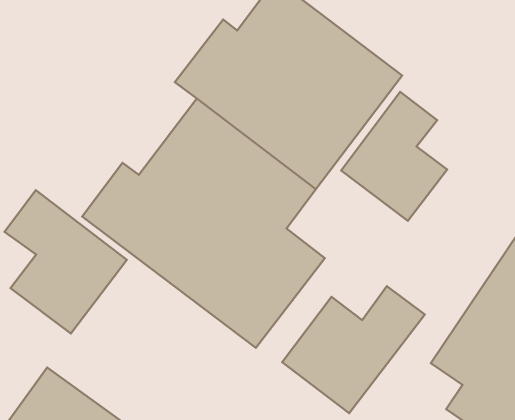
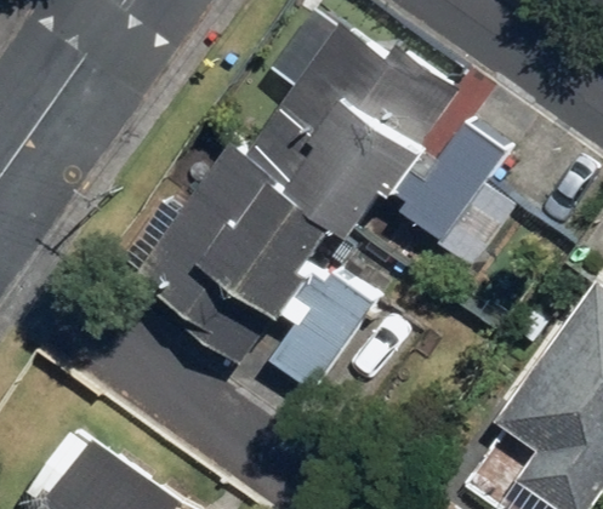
building: [5,190,127,334] -> none
building: [282,286,425,413] -> none

